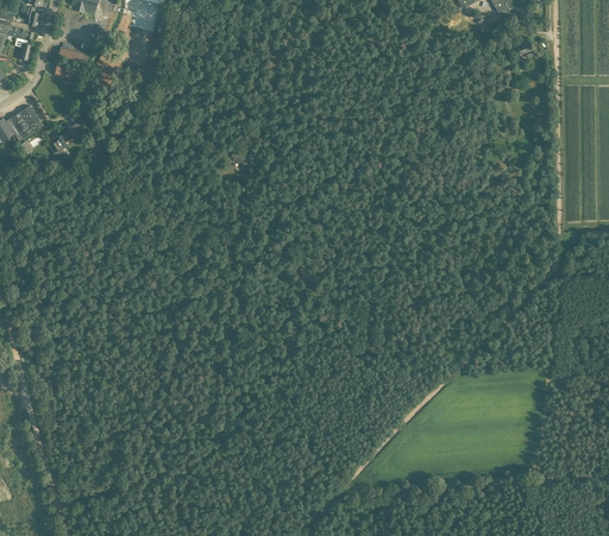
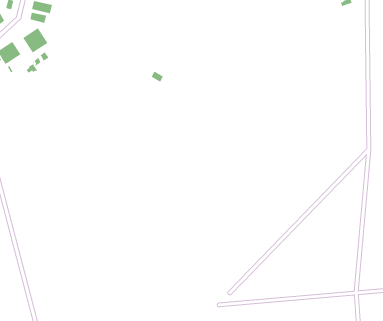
building: none -> [22,27,48,54]

